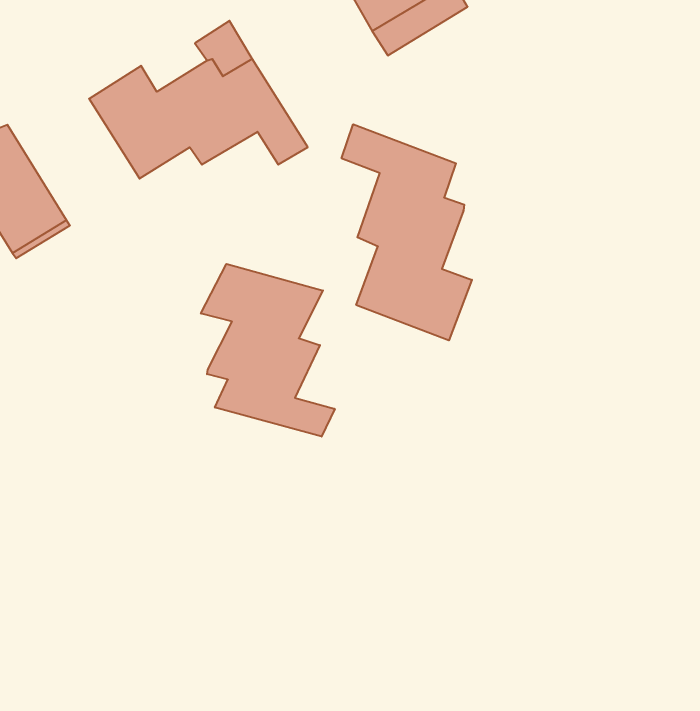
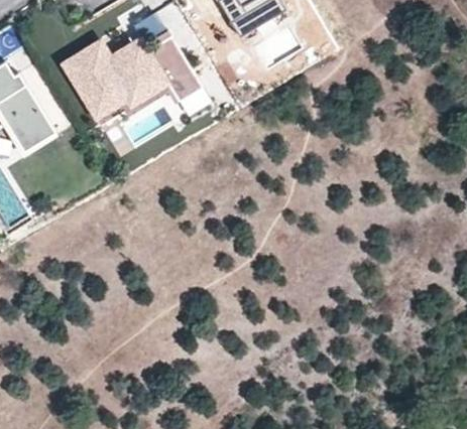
building: [342,124,472,340] -> none
building: [201,264,335,437] -> none

